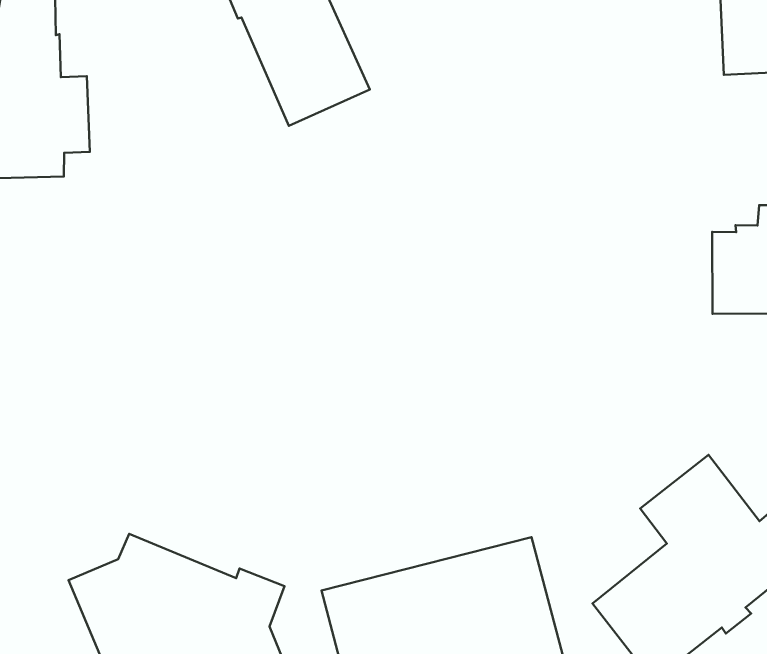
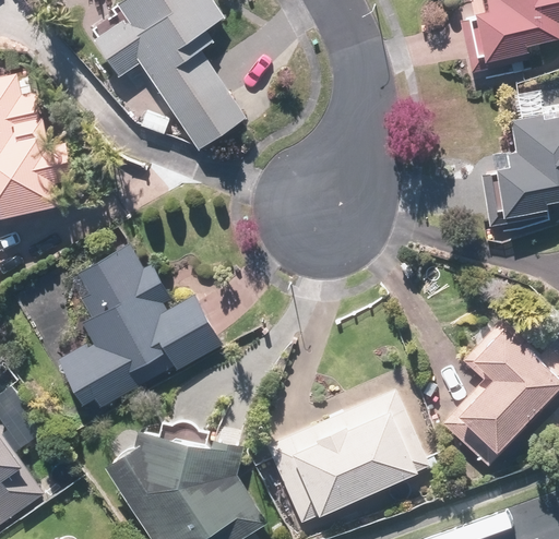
building: none -> [58,244,222,408]

